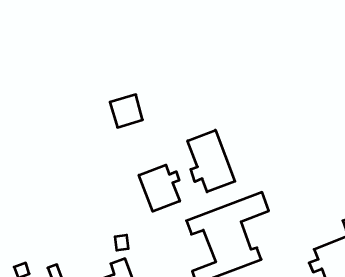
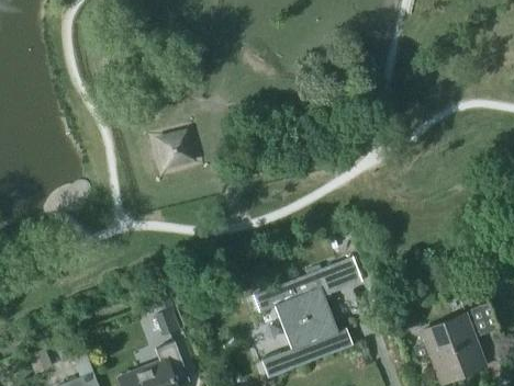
building: [188,130,235,192] -> none
building: [139,165,180,211] -> none

